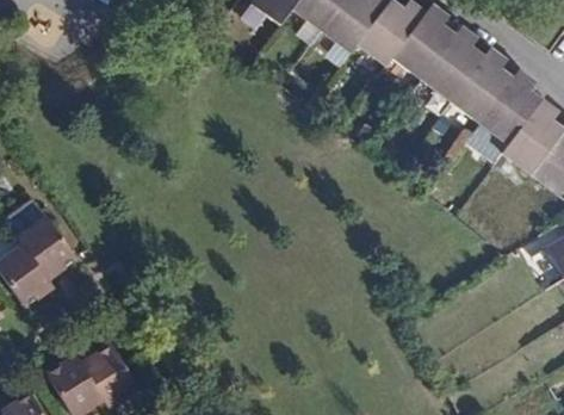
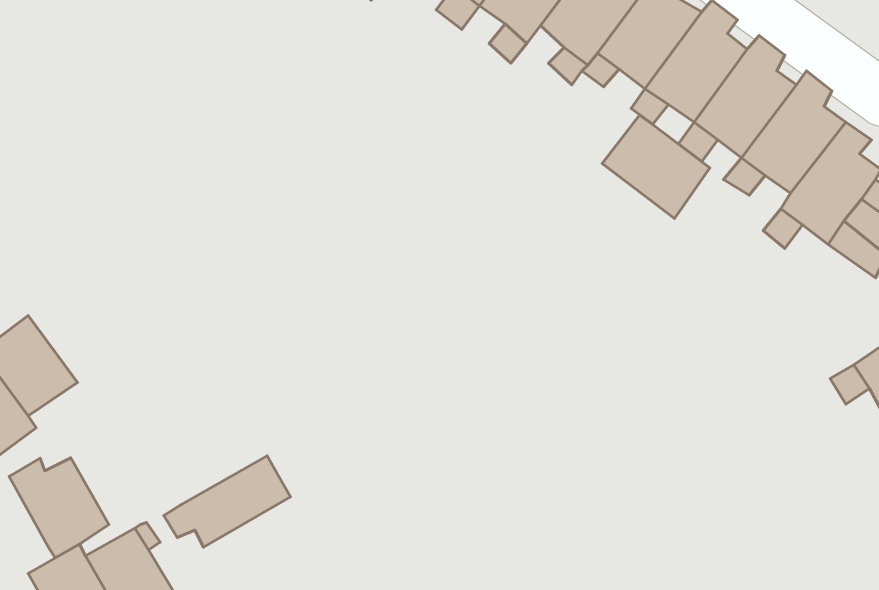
building: none -> [602,115,710,218]
building: none -> [164,456,291,547]
building: none -> [9,458,109,558]

